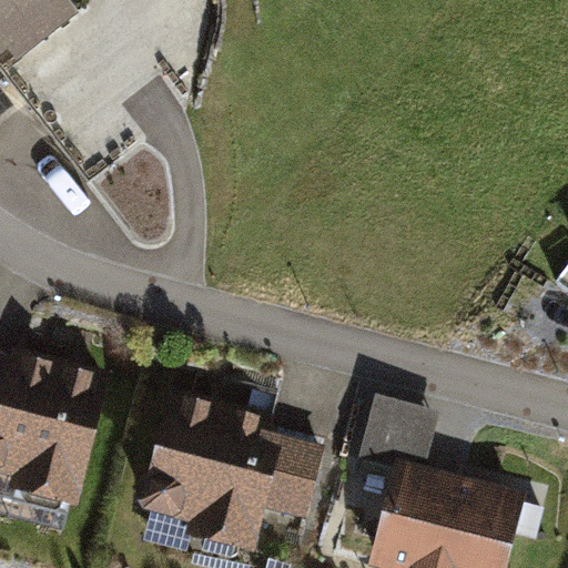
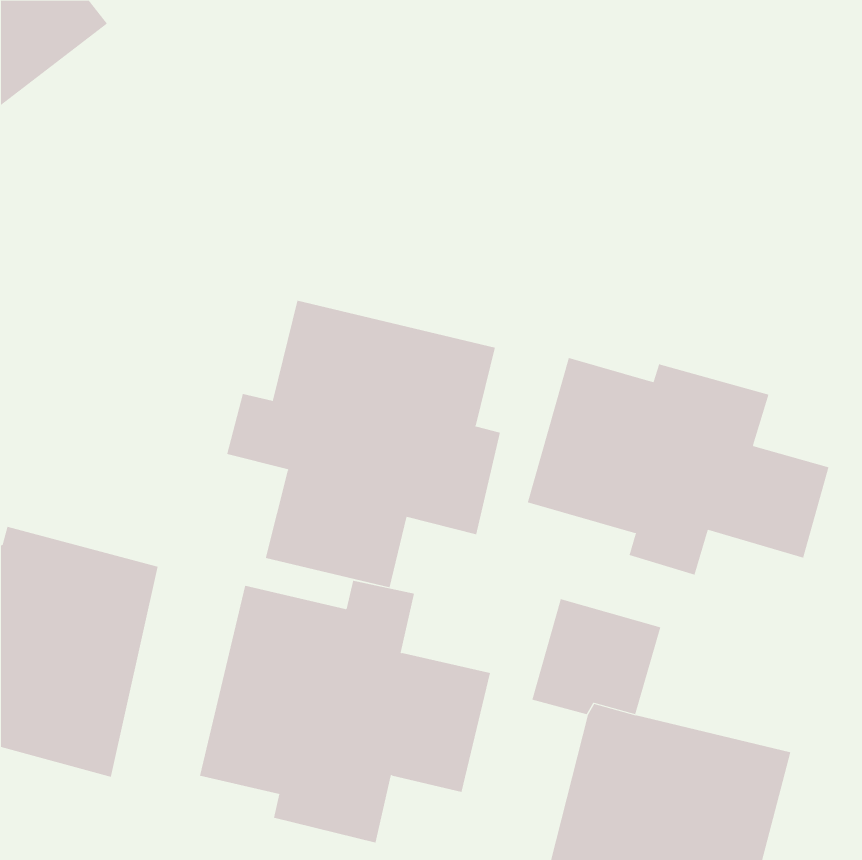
building: none -> [226,300,500,588]
building: none -> [527,357,829,575]

